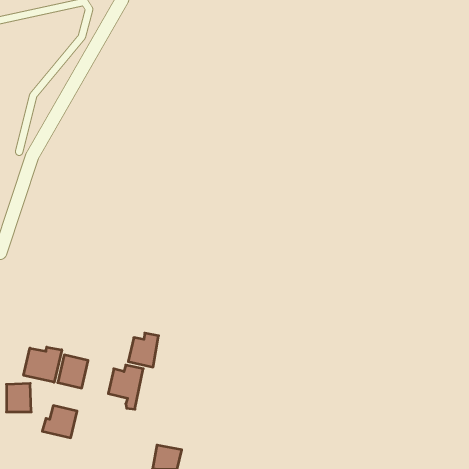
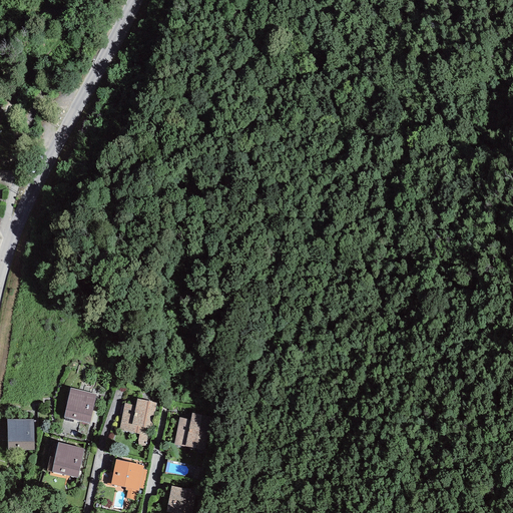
building: [128,333,159,367] -> [173,412,206,449]
building: [24,347,62,382] -> none
building: none -> [110,459,147,500]

